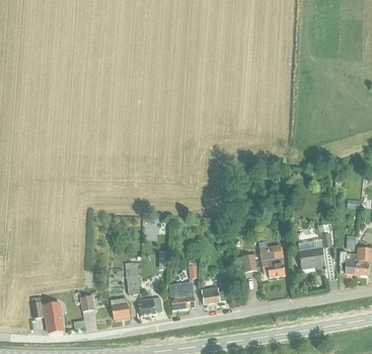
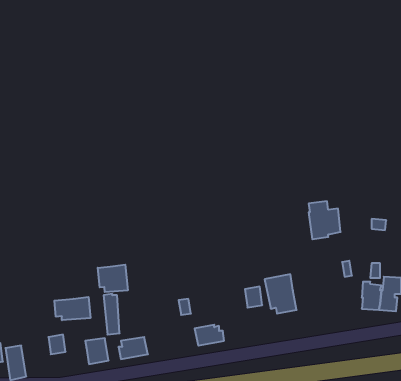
building: none -> [98,265,128,292]
building: [298,240,324,272] -> [309,201,341,239]
building: none -> [54,297,90,320]
building: [168,288,195,309] -> none

